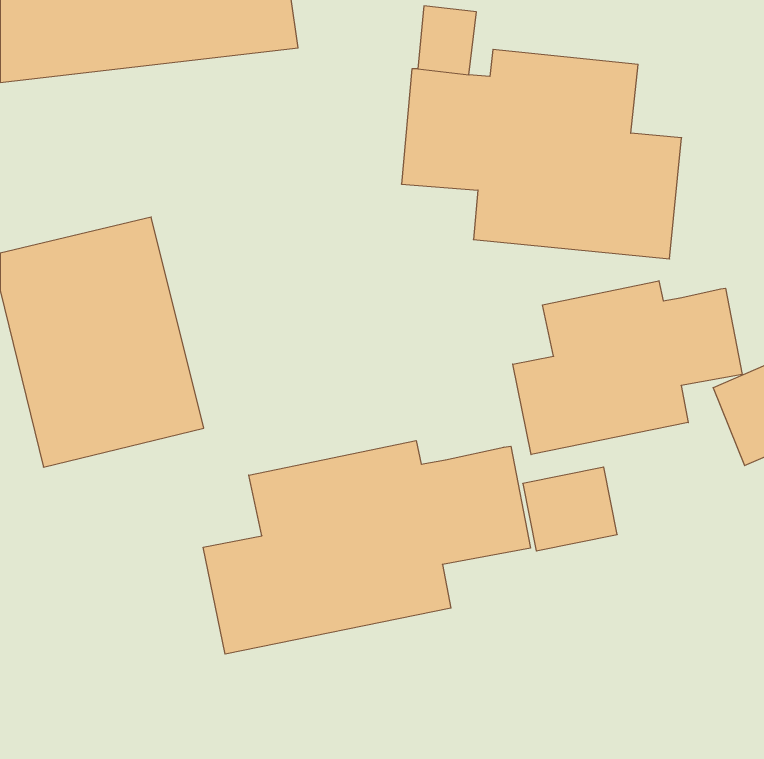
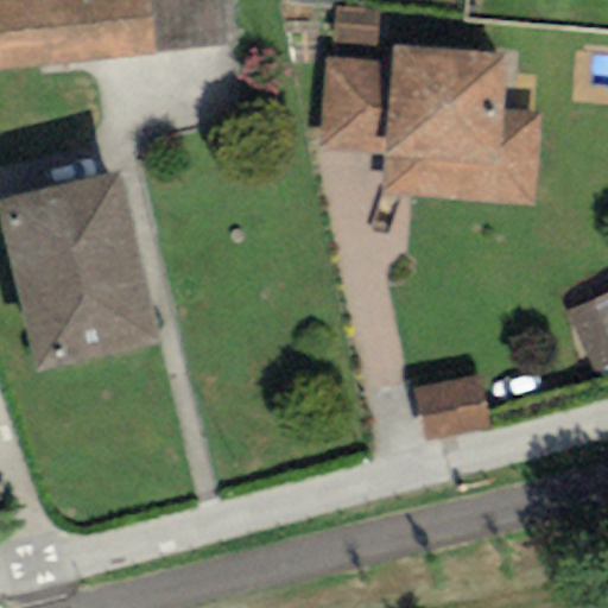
building: [513,281,742,455] -> none
building: [203,441,530,654] -> none

